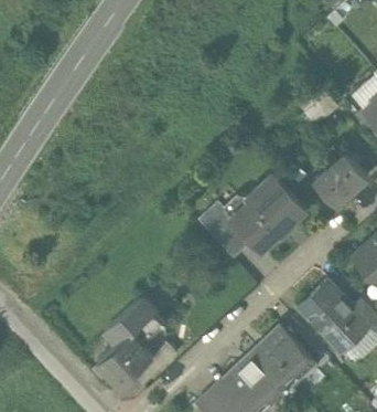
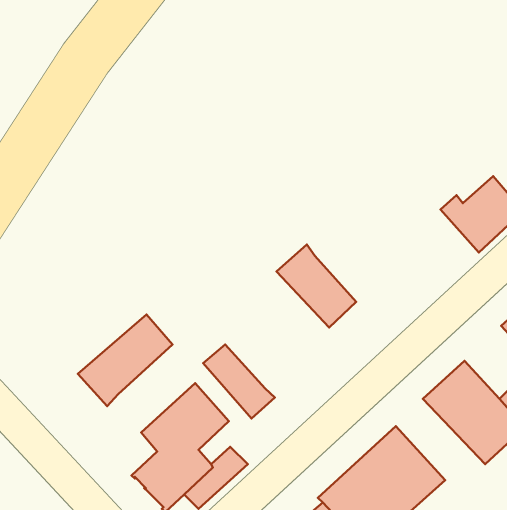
building: [224,173,305,251] -> none
building: none -> [78,314,172,406]
building: none -> [203,344,275,419]

